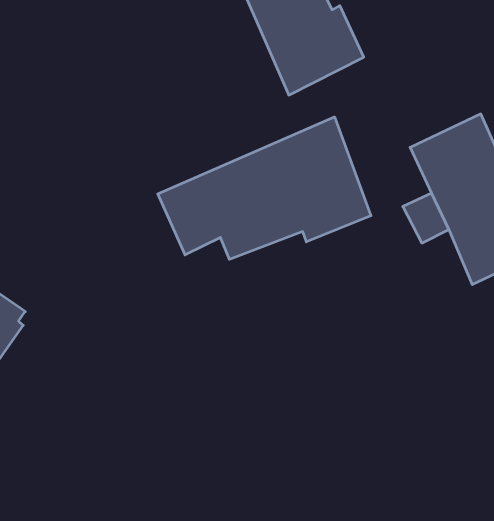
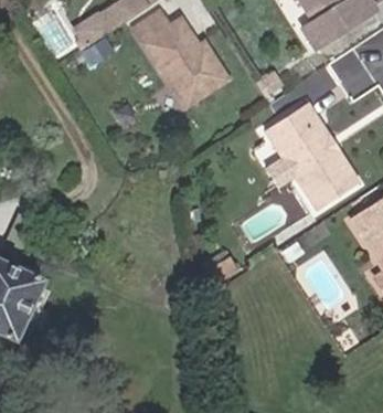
building: [158,117,371,259] -> none

